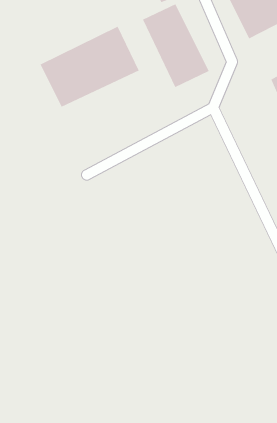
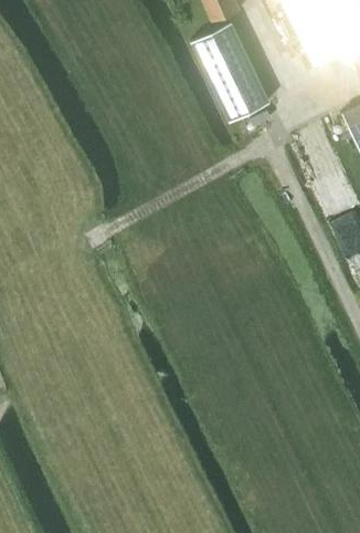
building: [40,26,140,108] -> none

